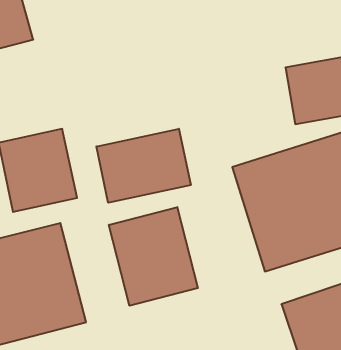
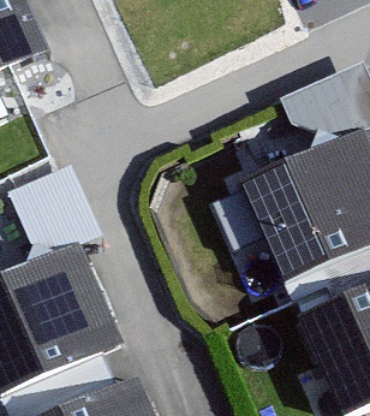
building: [96,129,191,203] -> none
building: [109,207,198,306] -> none

